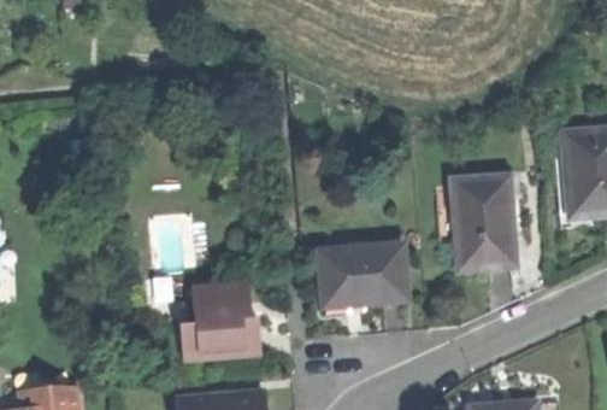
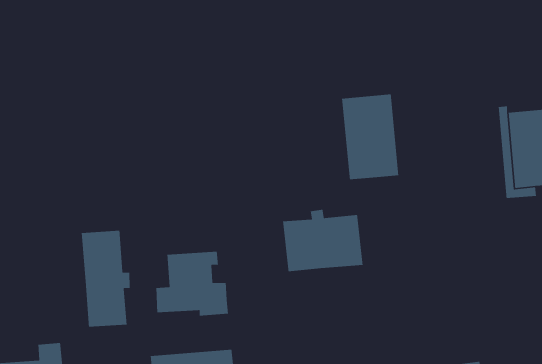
building: [452,176,514,270] -> [341,94,399,180]
building: none -> [81,230,131,328]

